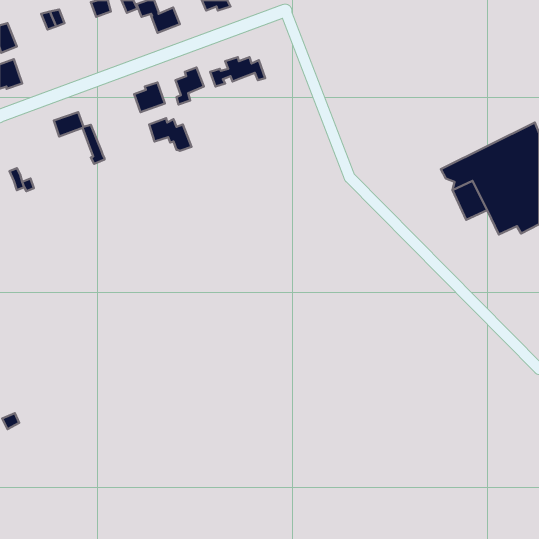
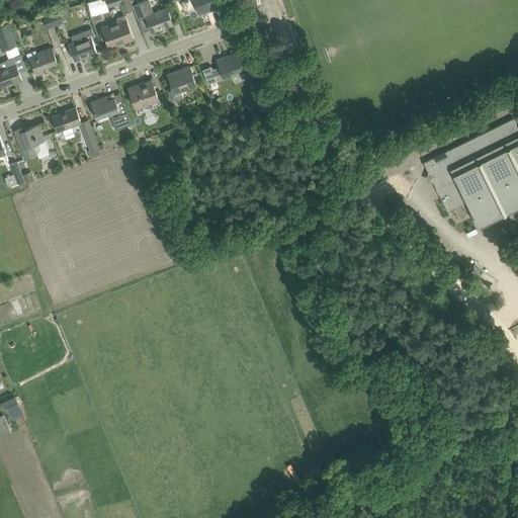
building: none -> [102,15,133,47]
building: none -> [68,28,96,62]
building: none -> [27,48,57,75]
building: [149,118,191,151] -> [90,96,131,127]
building: none -> [13,124,48,160]

